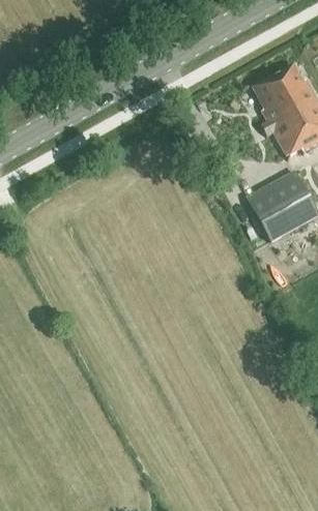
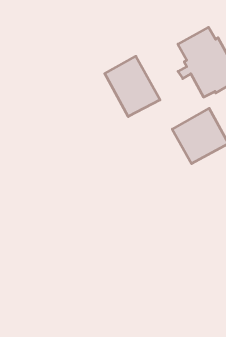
building: none -> [105,56,160,117]

